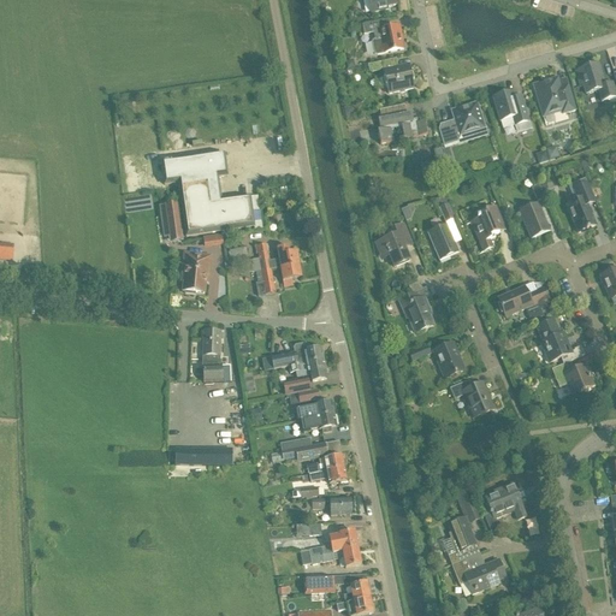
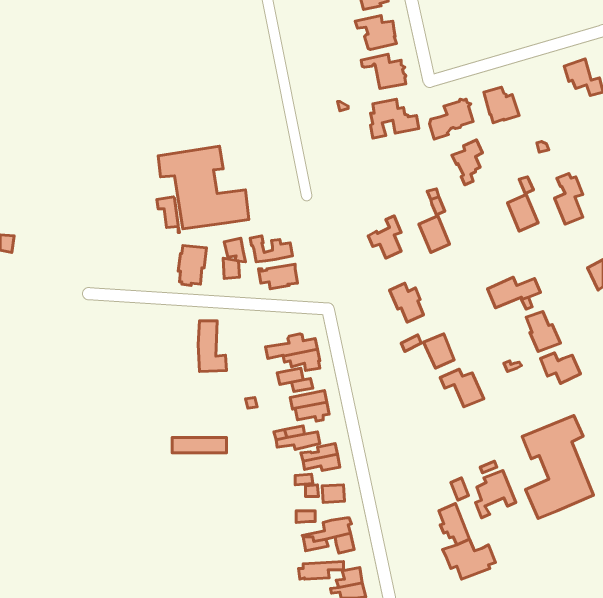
building: [532,75,575,113] -> none
building: [469,202,500,248] -> [452,140,483,185]
building: none -> [522,415,593,519]

